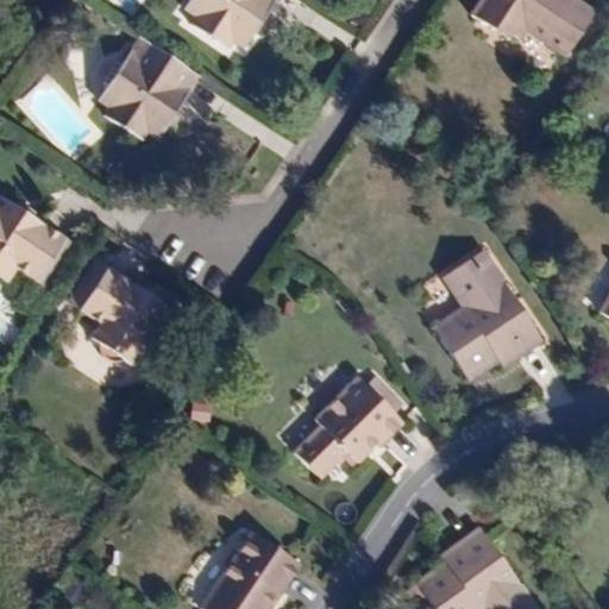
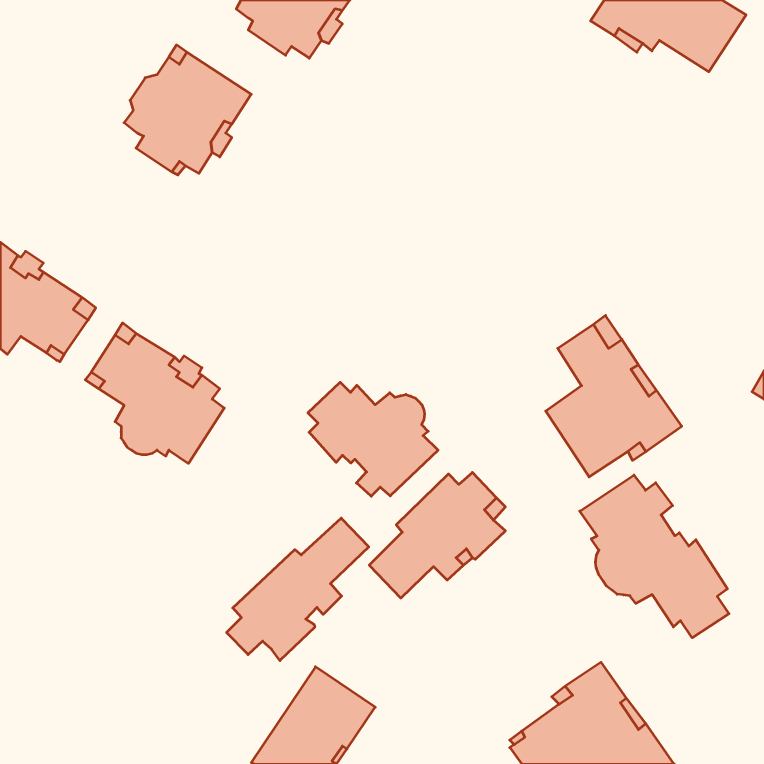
building: none -> [308,382,438,496]
building: none -> [580,475,729,638]
building: none -> [227,518,369,661]

